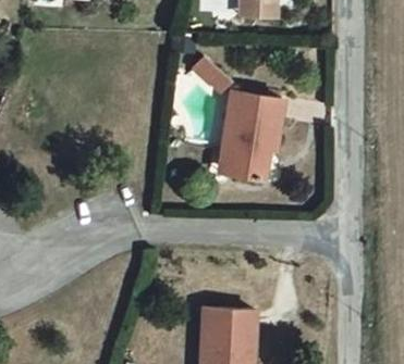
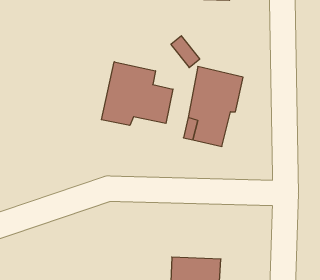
building: none -> [101,62,173,125]

